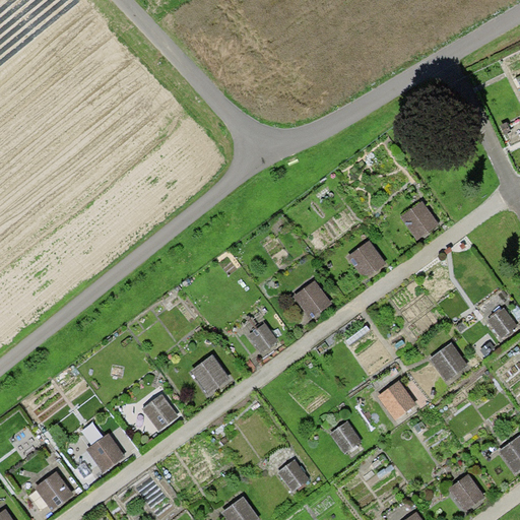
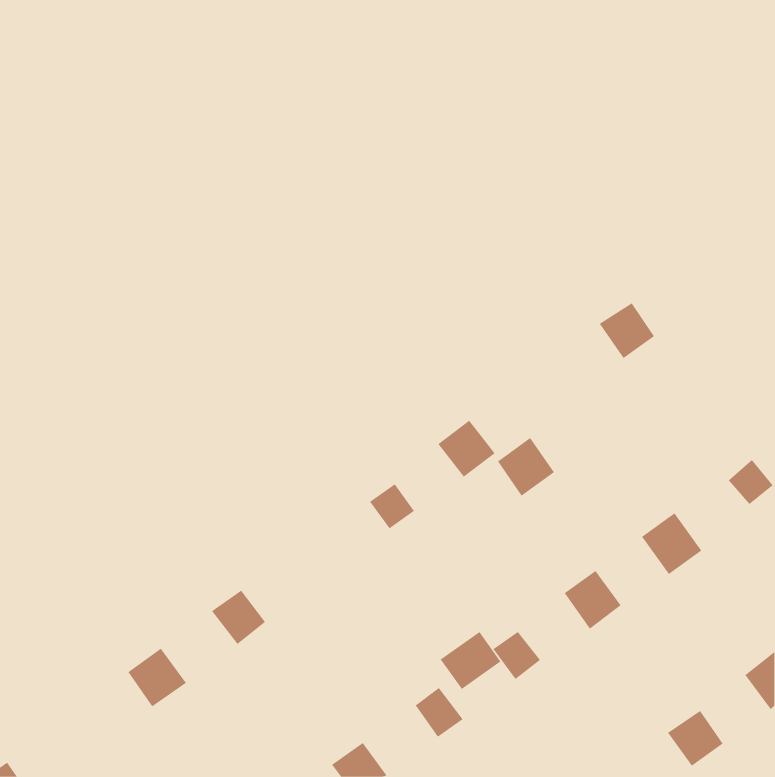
building: [346,240,385,279] -> [497,437,555,496]
building: [190,354,230,394] -> none
building: none -> [440,631,501,690]
building: [34,471,74,512] -> none

